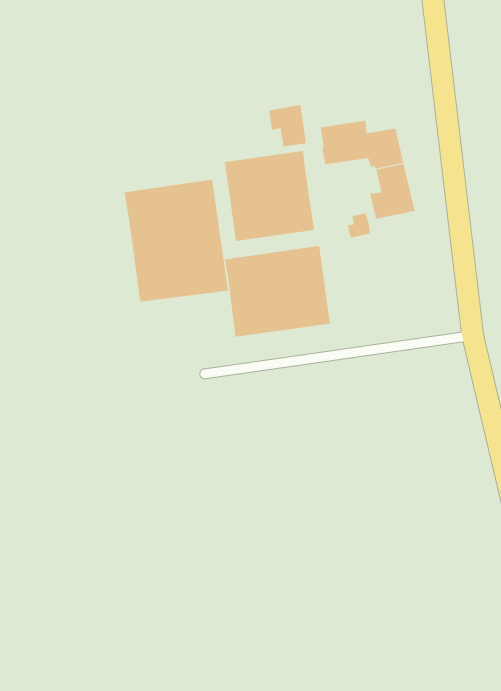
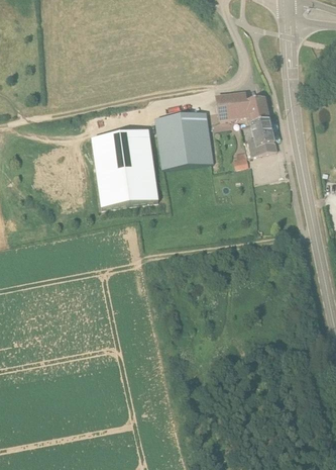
building: [269,104,306,147] -> none
building: [224,245,331,338] -> none

